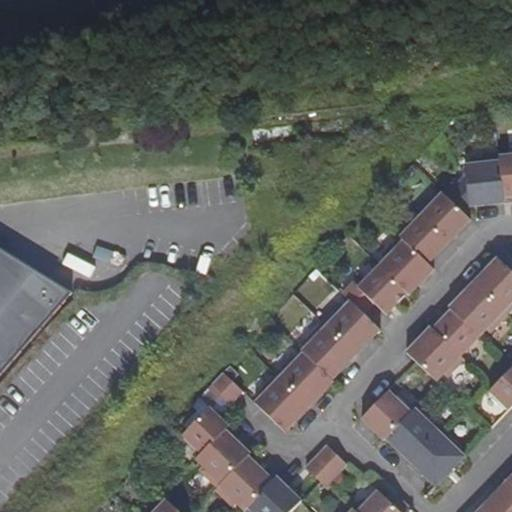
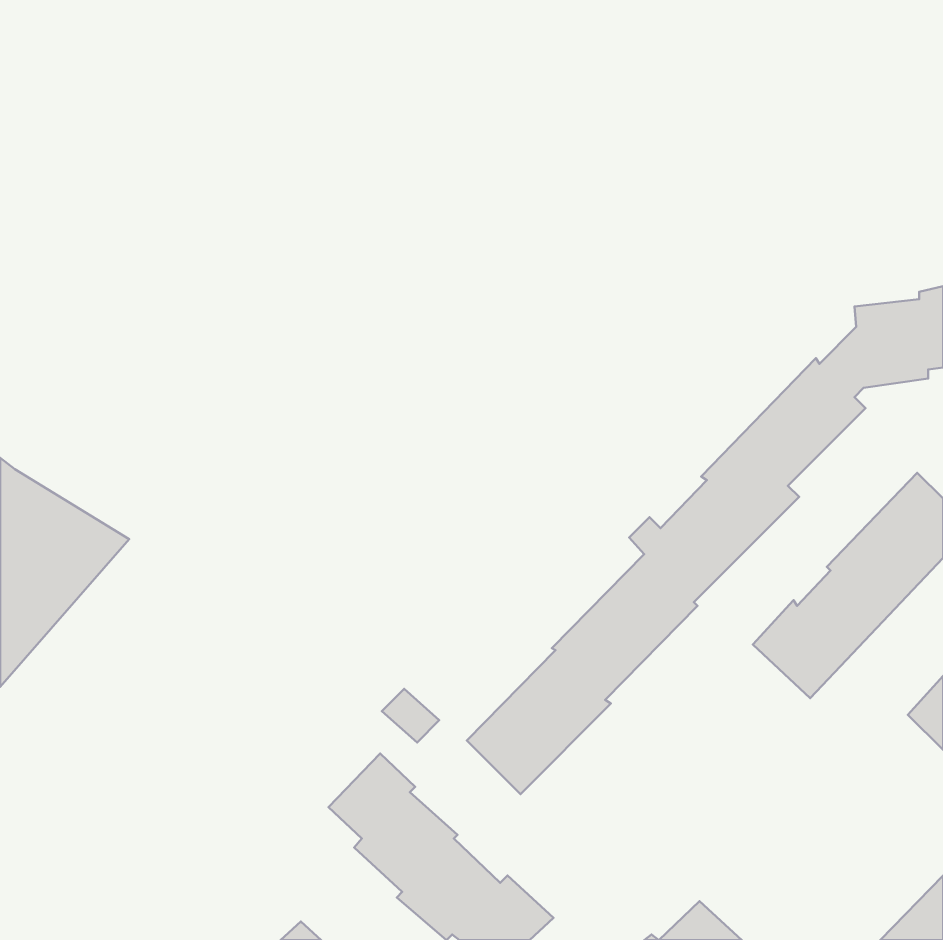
building: [358,389,466,486] -> none
building: [305,444,346,483] -> none

